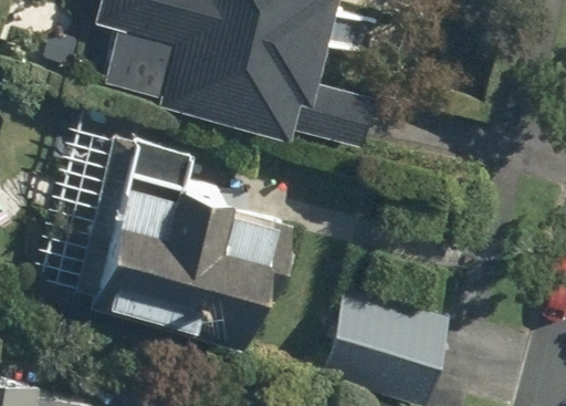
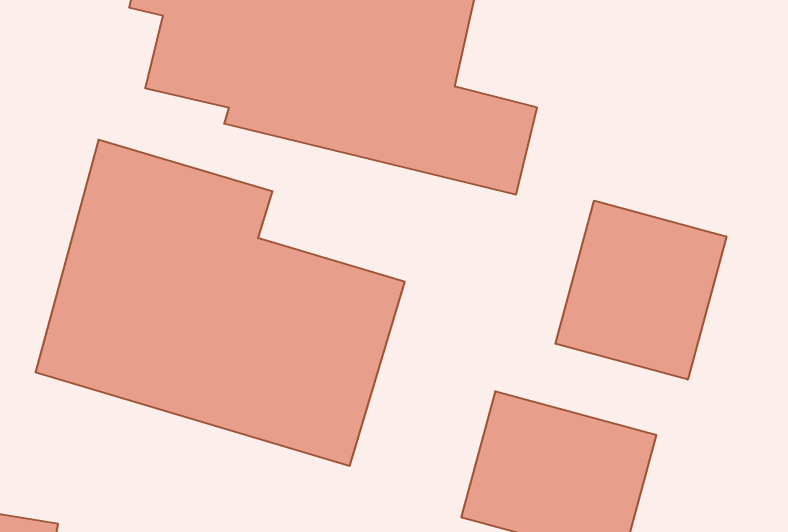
building: none -> [556,201,726,380]

